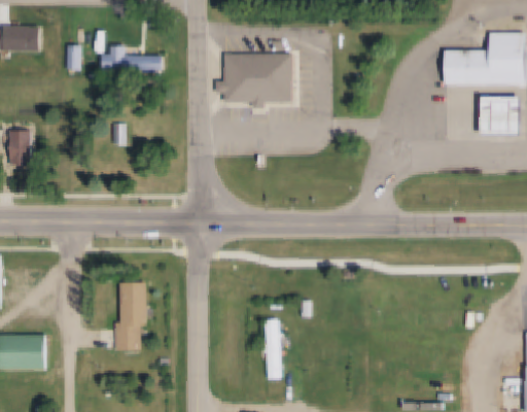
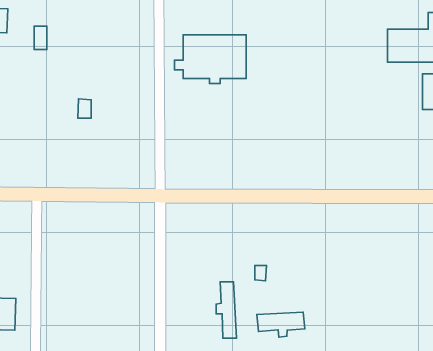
building: [101,45,161,71] -> none
building: [115,282,146,349] -> none
building: none -> [257,312,305,337]

